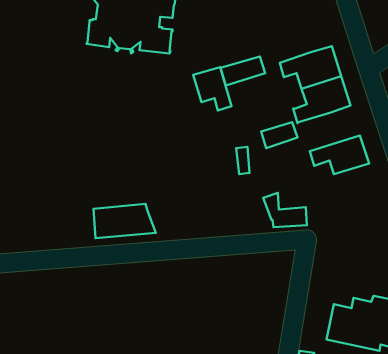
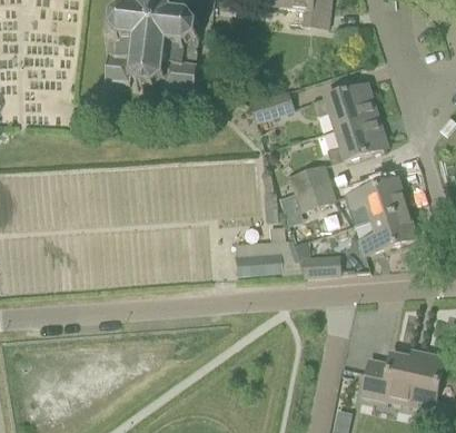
building: [193,67,232,111] -> none
building: none -> [297,180,337,211]
building: none -> [359,208,416,254]
building: [93,204,156,238] -> [236,237,303,274]

